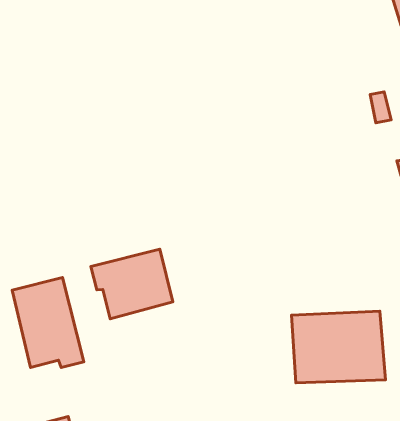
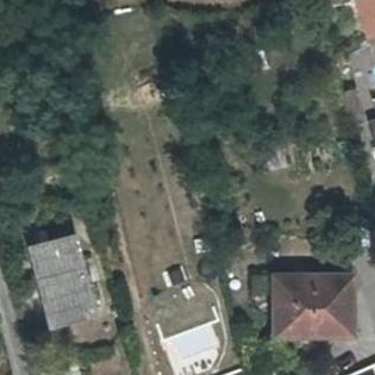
building: [91,249,173,319] -> none

